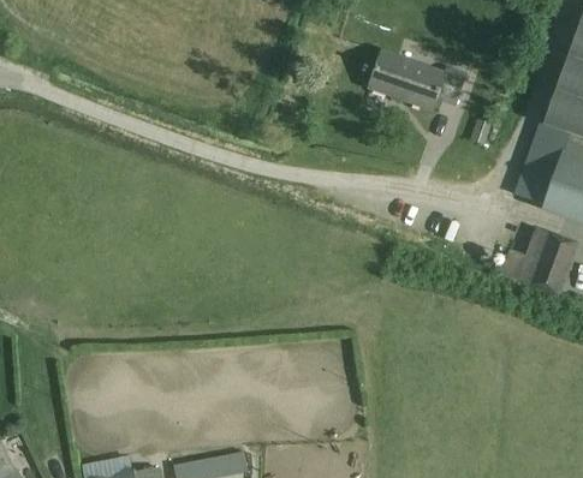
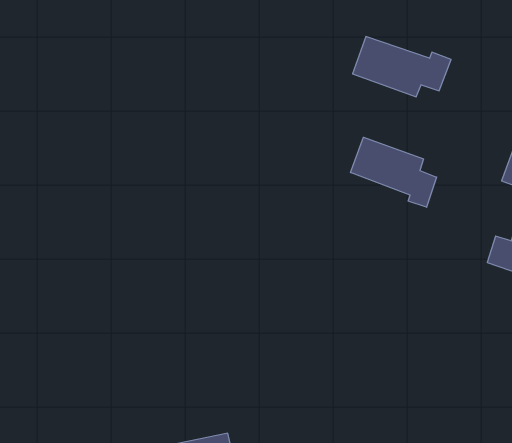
building: none -> [351,137,437,207]

